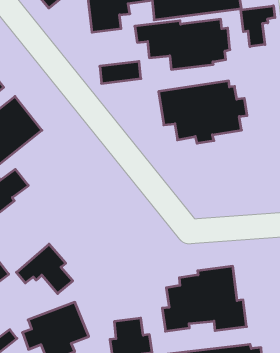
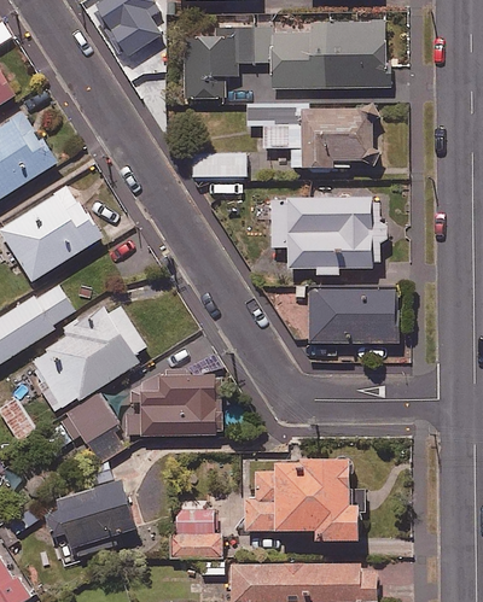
building: [241,6,275,47] -> none
building: none -> [310,286,397,343]
building: none -> [36,304,146,408]
building: none -> [124,373,226,438]

